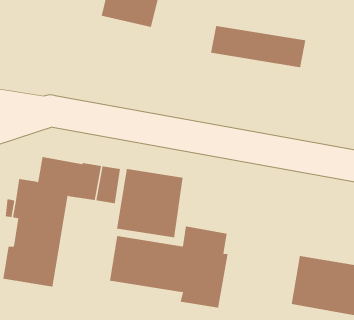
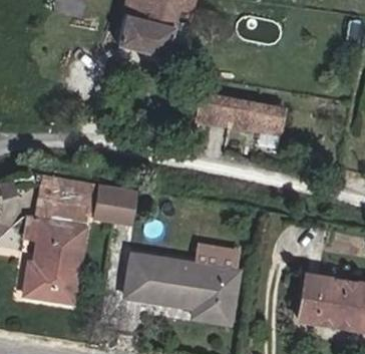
building: [210,25,306,68] -> [196,95,287,135]
building: [117,168,183,238] -> none

